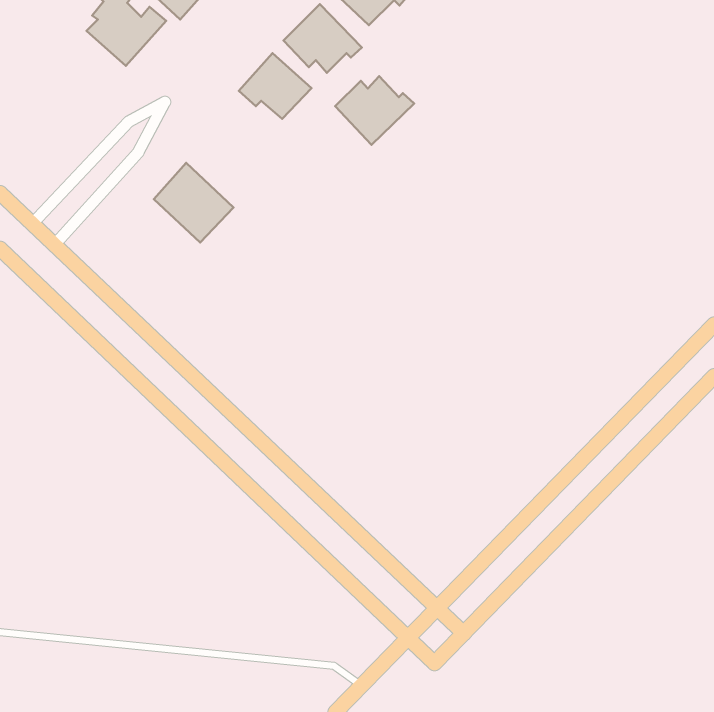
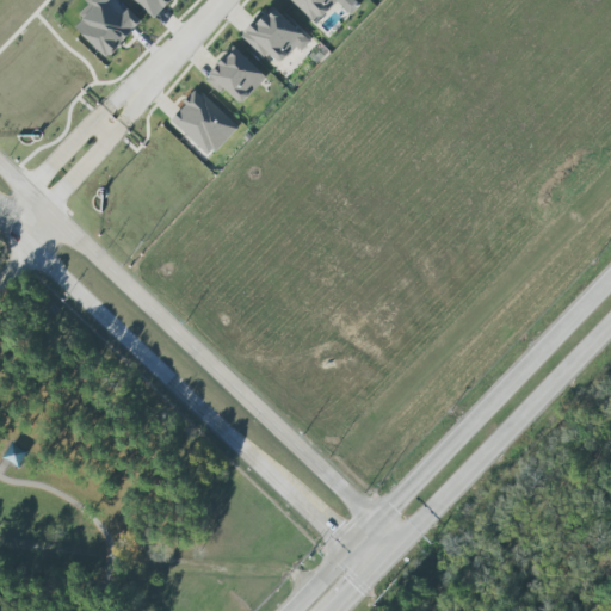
building: [335,76,414,145] -> none
building: [154,163,234,242] -> [169,87,237,155]

